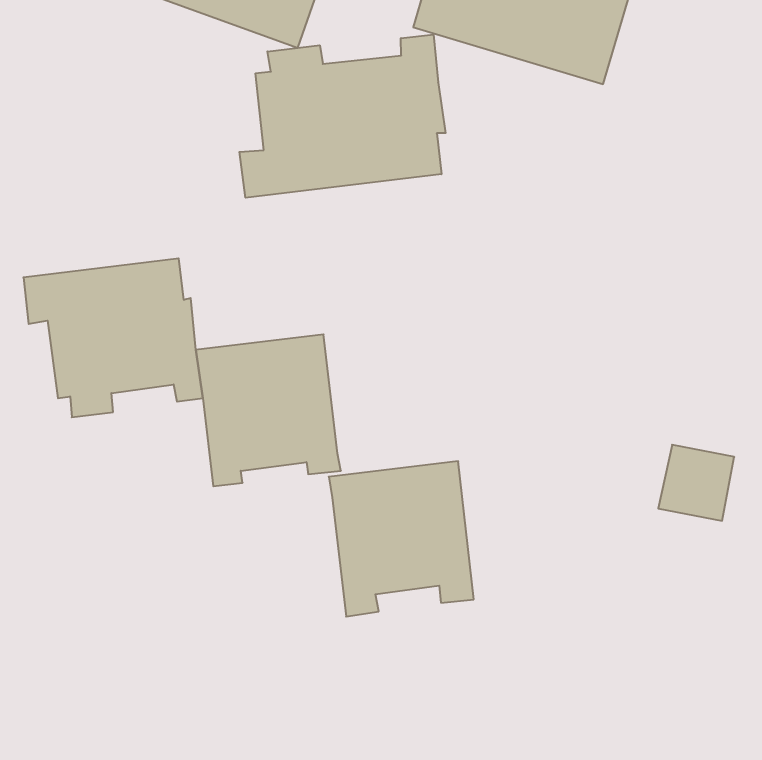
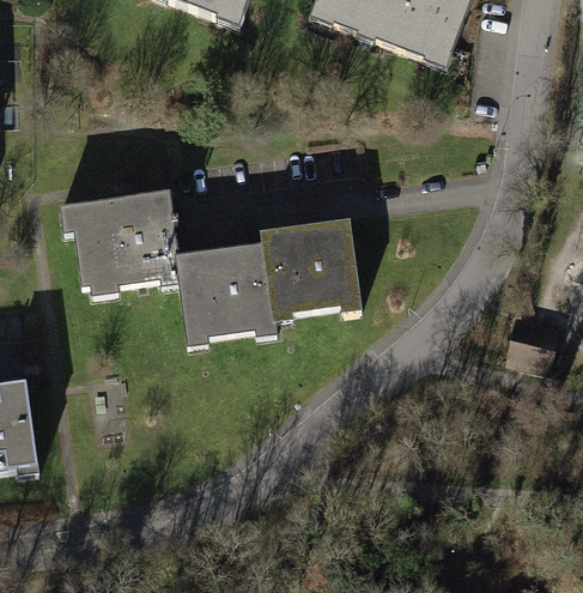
building: [239,34,446,198] -> none
building: [329,461,474,617] -> [263,216,364,323]

